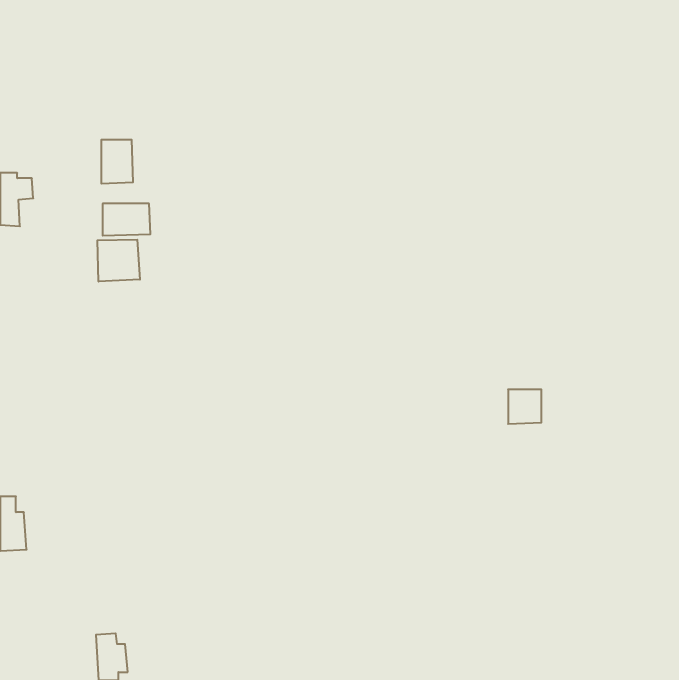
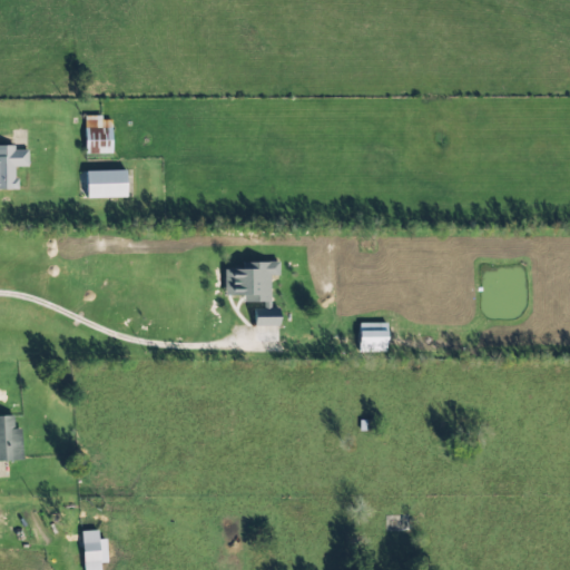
building: [97,240,140,282] -> none
building: none -> [225,264,279,326]
building: [508,389,541,424] -> [360,323,387,352]

